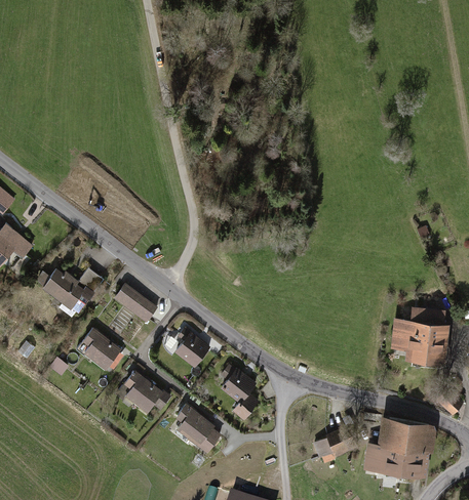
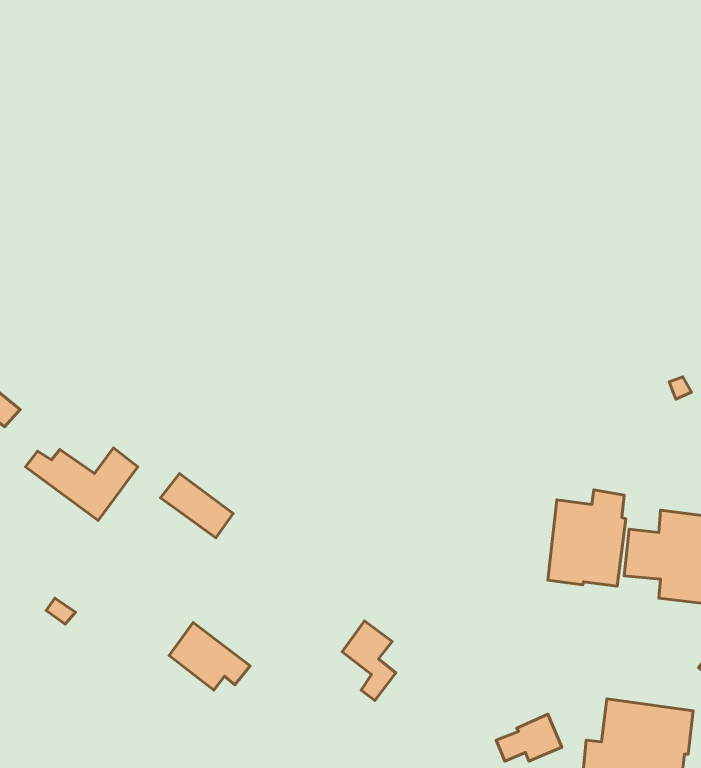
building: none -> [548,490,626,586]
building: [81,331,120,369] -> none
building: [175,333,210,368] -> none
building: [178,407,220,447] -> none

